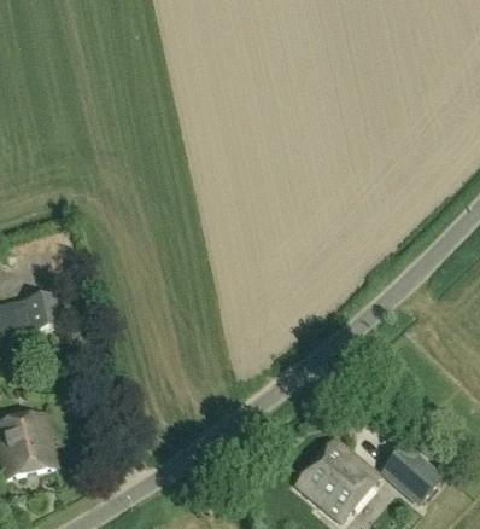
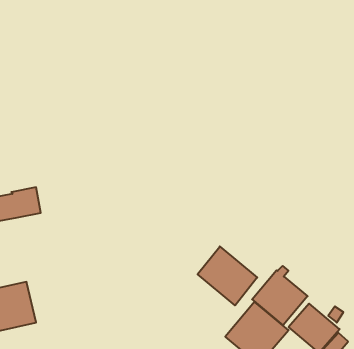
building: none -> [198,246,257,305]
building: none -> [252,266,308,325]

